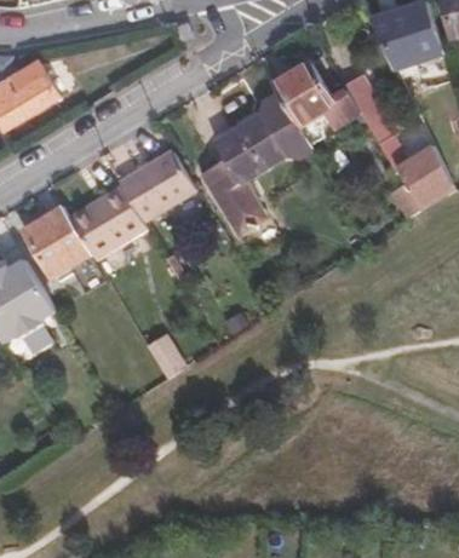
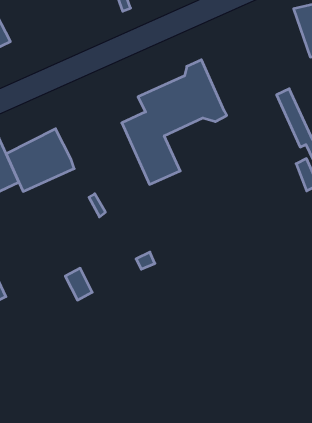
building: [270,58,380,143] -> none
building: [117,149,194,219] -> none

